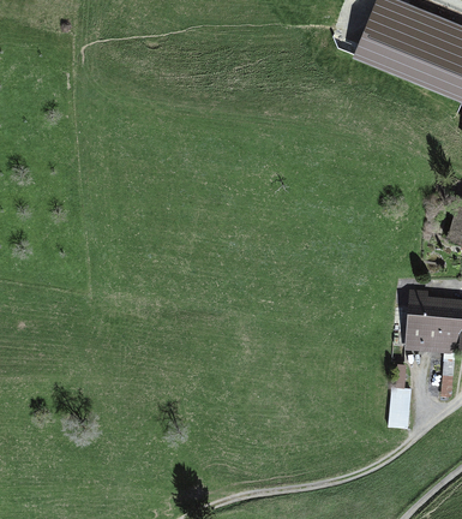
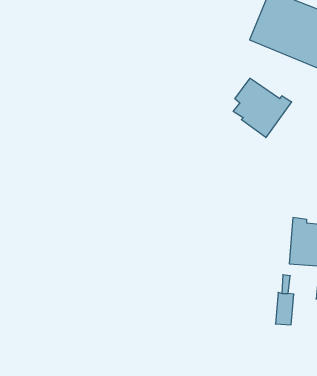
building: none -> [233,78,292,138]

